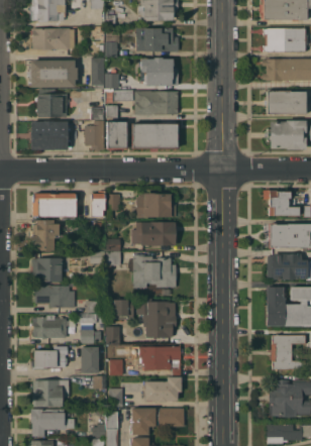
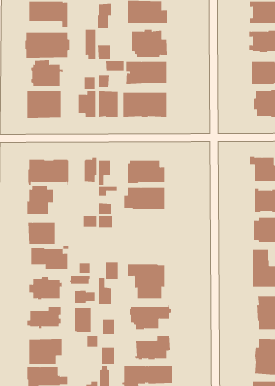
building: [132,255,175,288] -> none

